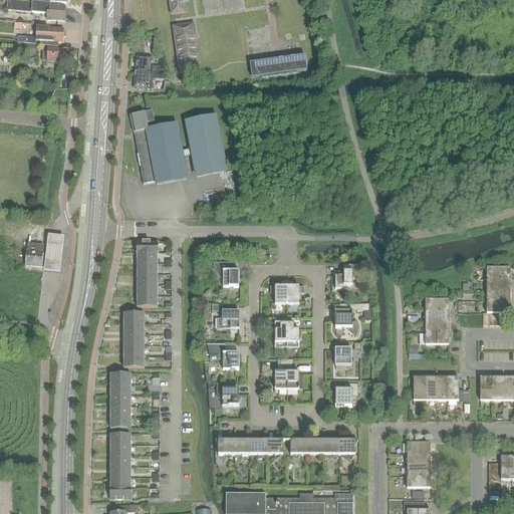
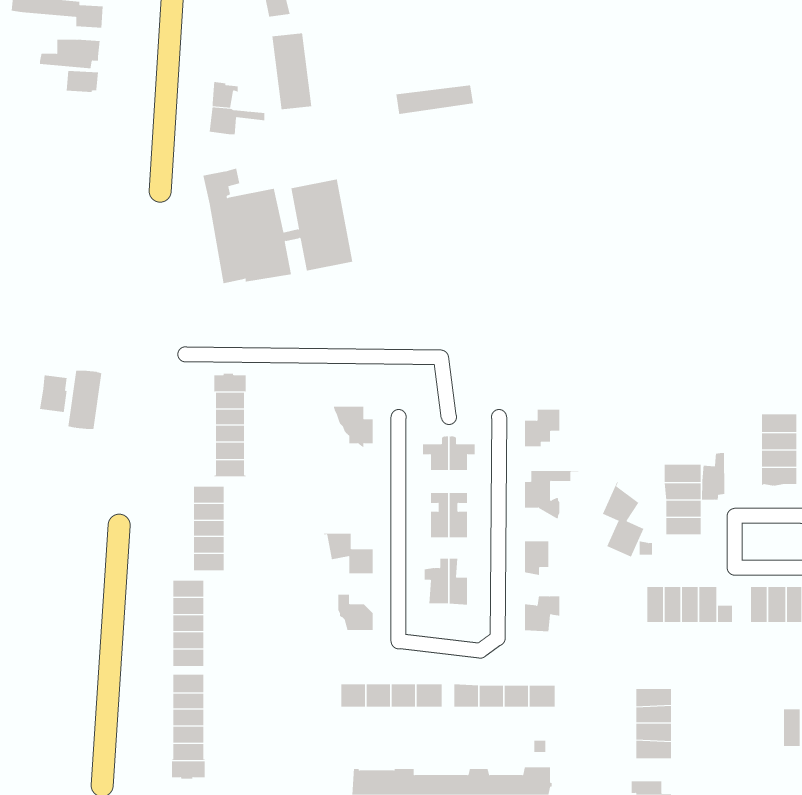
building: none -> [702,452,725,500]
building: [215,302,240,326] -> none
building: none -> [602,482,644,558]

